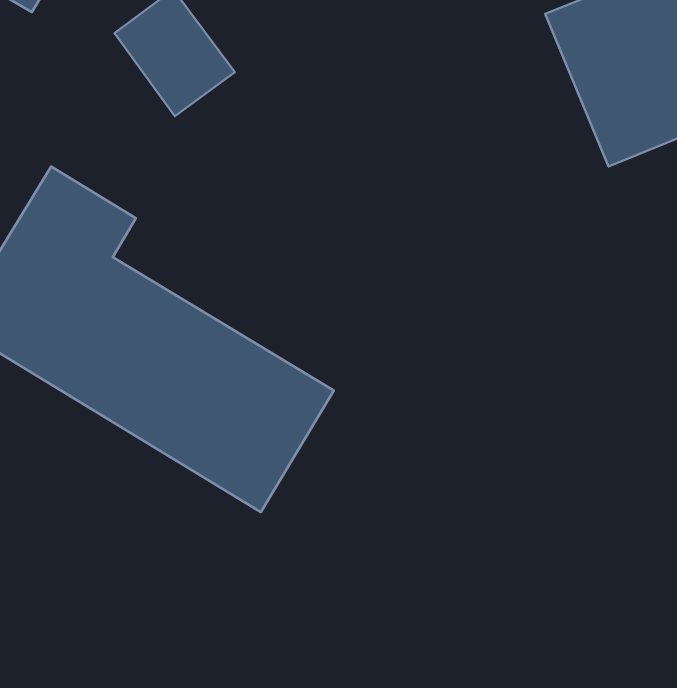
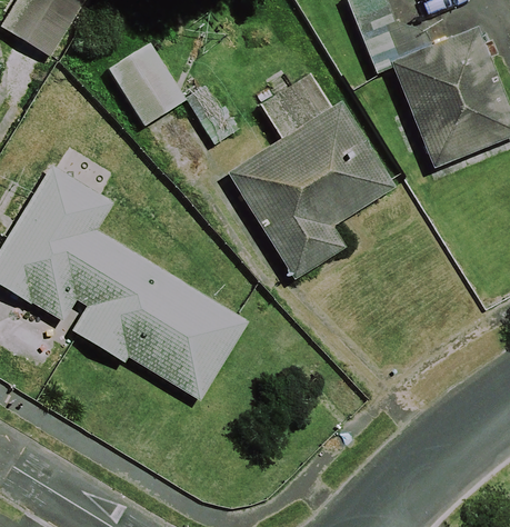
building: none -> [227,73,387,281]

